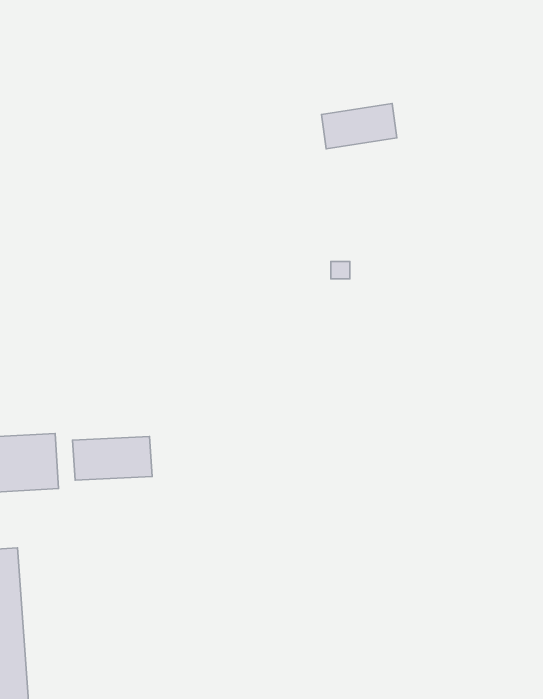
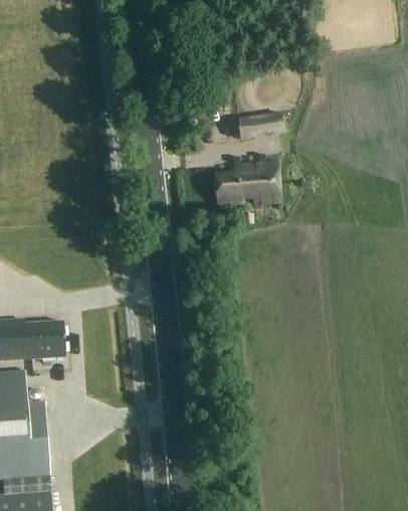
building: none -> [213,159,279,204]
building: [72,436,152,480] -> none

